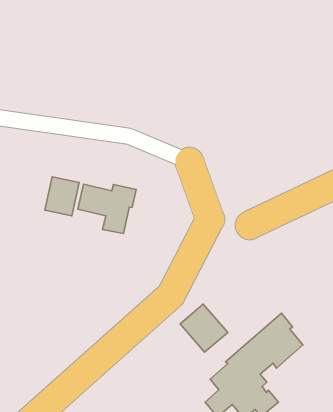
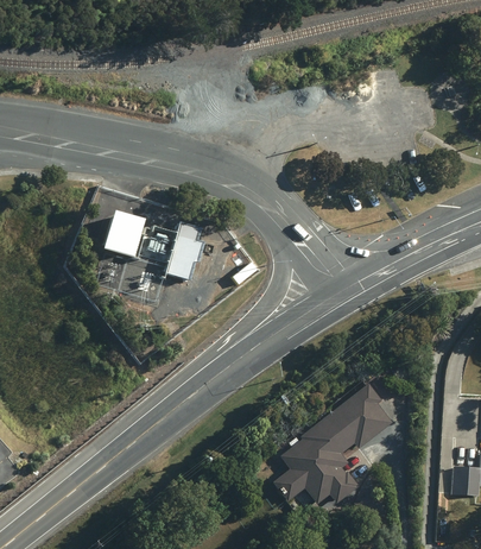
building: [180,304,228,352] -> none

